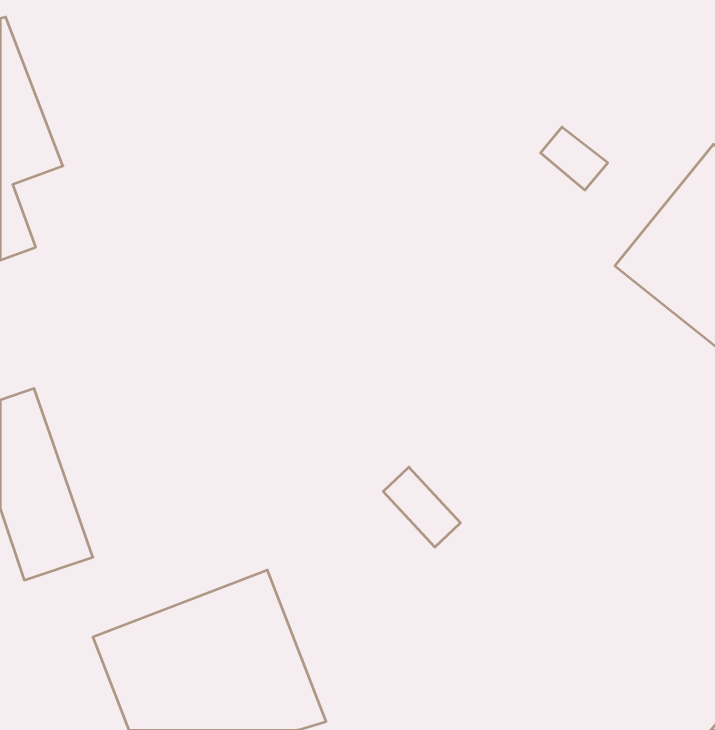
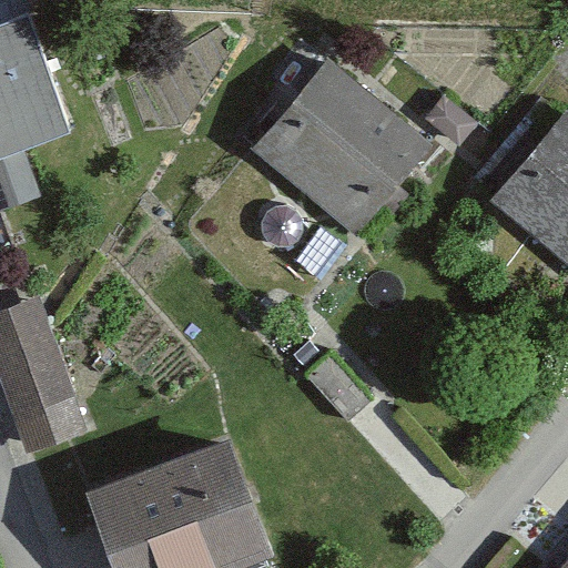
building: none -> [250,57,432,236]

